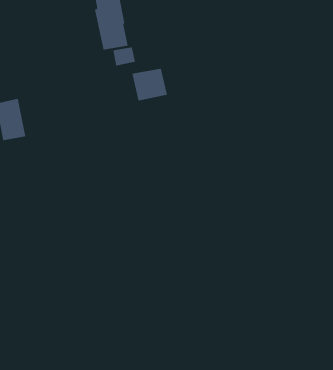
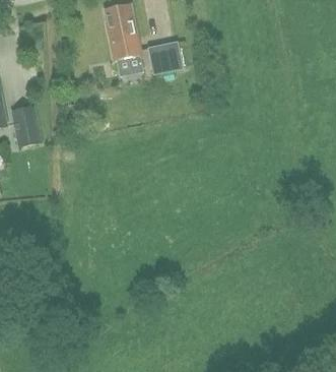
building: [132,68,168,101] -> [148,42,183,73]

